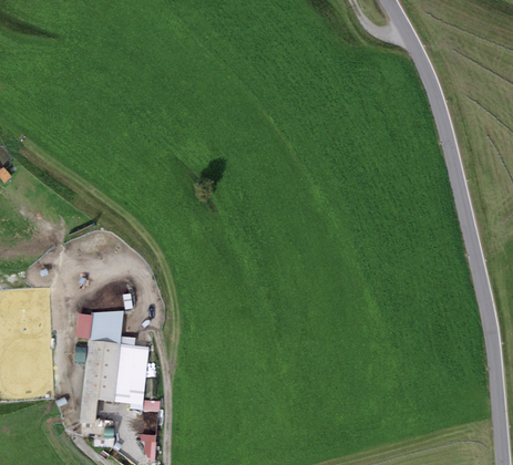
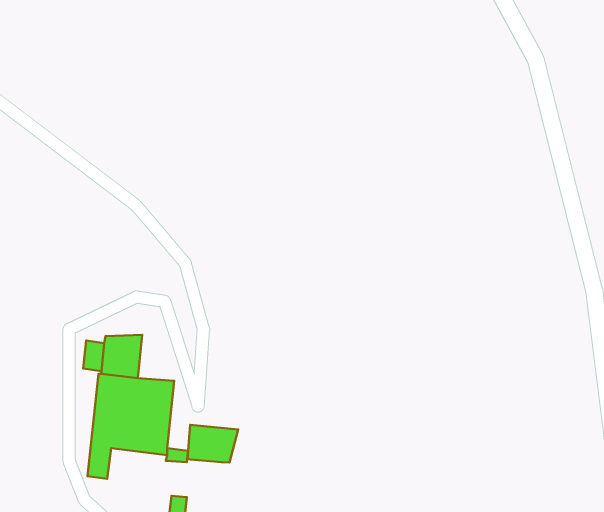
building: none -> [188,425,238,462]

